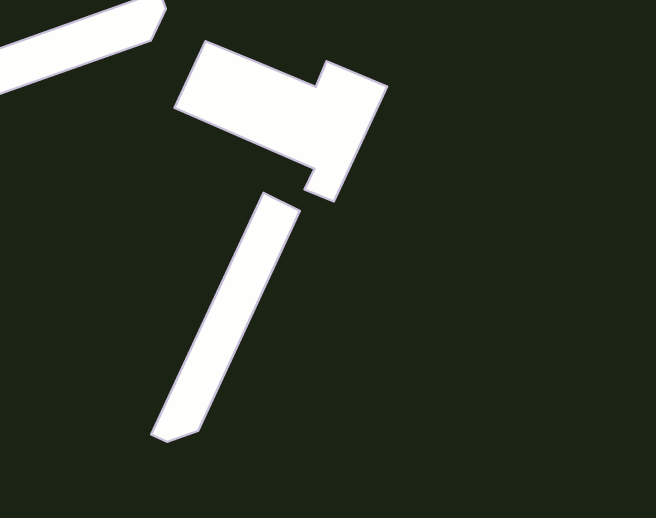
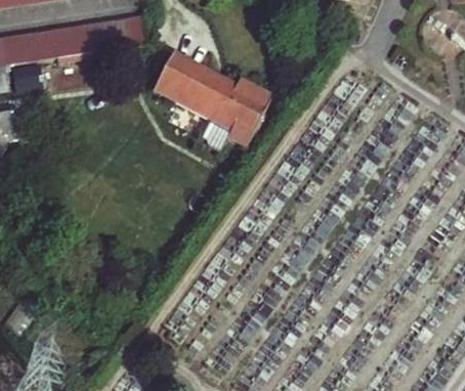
building: [151,193,300,442] -> none

